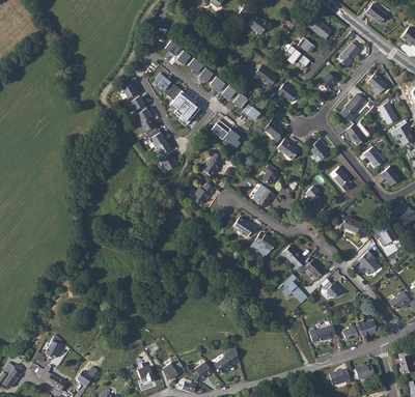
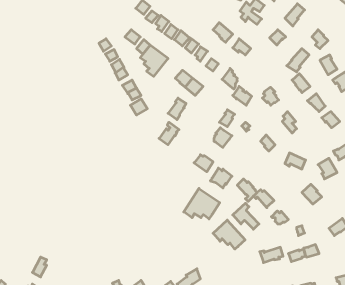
building: none -> [184,188,220,219]
building: none -> [213,220,245,249]

